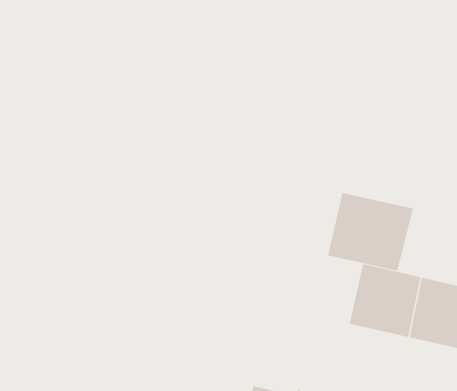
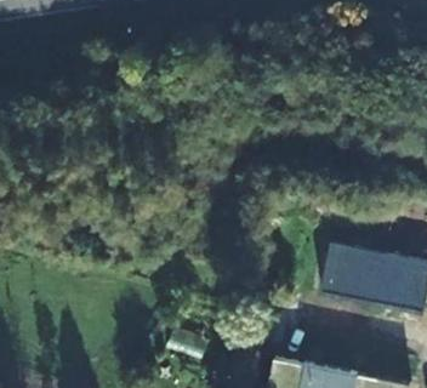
building: [328,192,414,271] -> none

